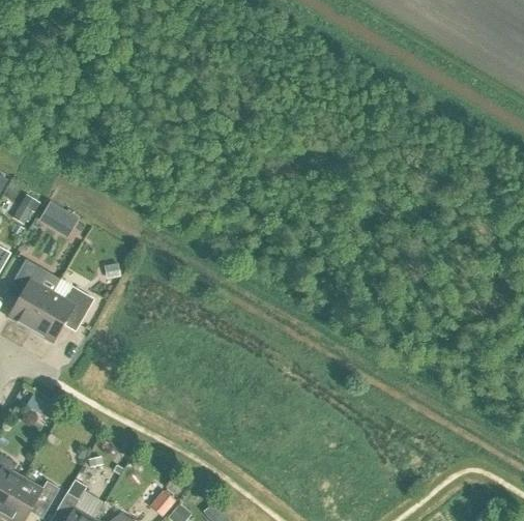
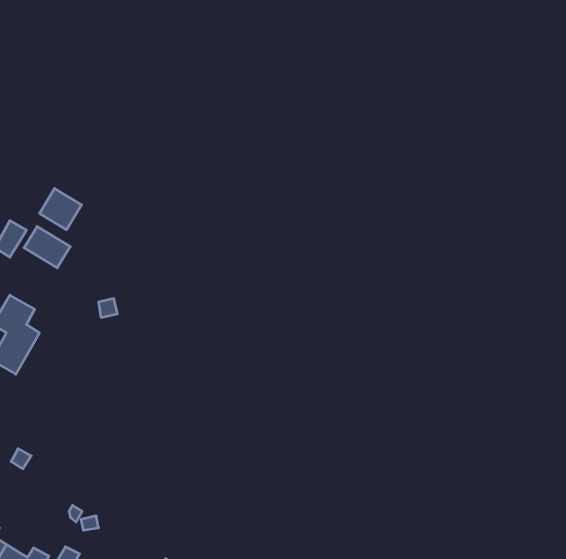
building: none -> [40,188,82,230]
building: [31,287,94,343] -> none

